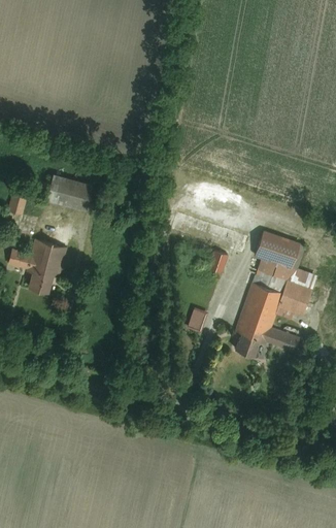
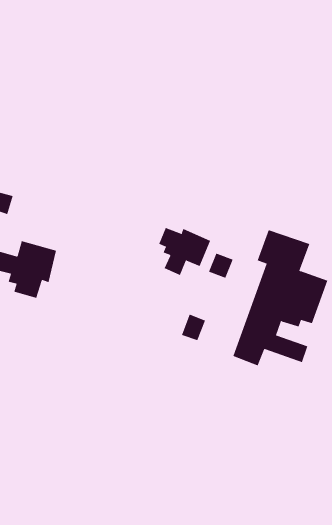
building: [43,172,94,211] -> none
building: none -> [158,227,211,276]

